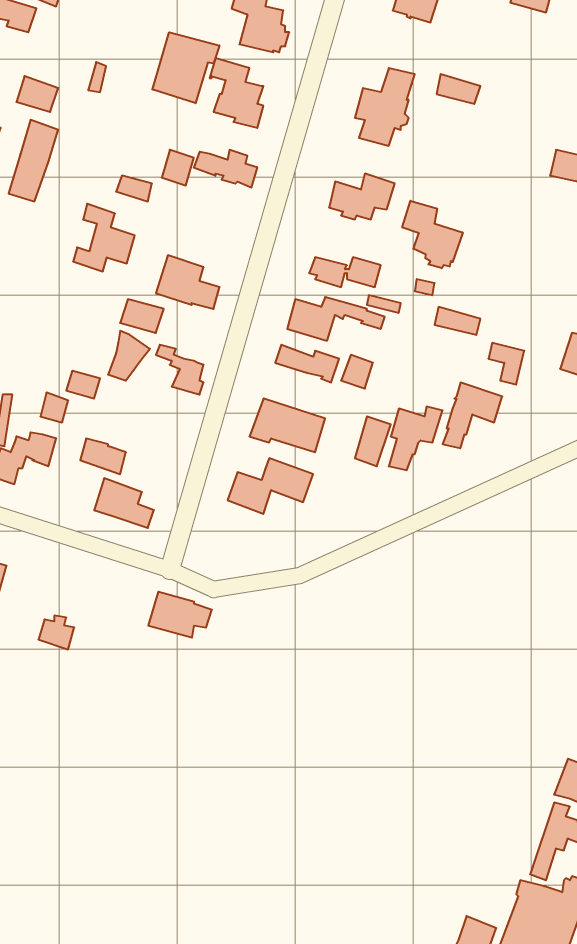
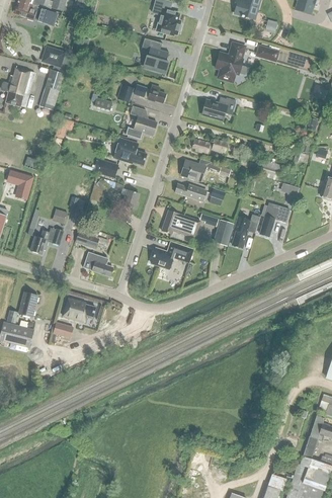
building: [152,32,219,103] -> none
building: [402,201,463,268] -> none
building: [73,204,135,271] -> [124,104,156,139]
building: [148,592,212,638] -> [62,298,94,321]

